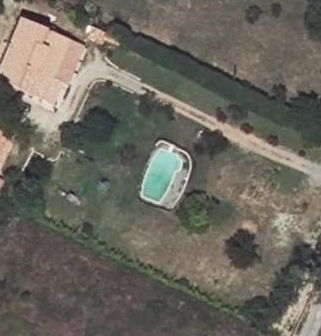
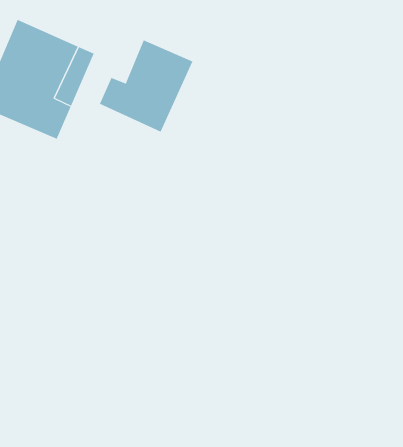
building: none -> [99,39,193,132]

